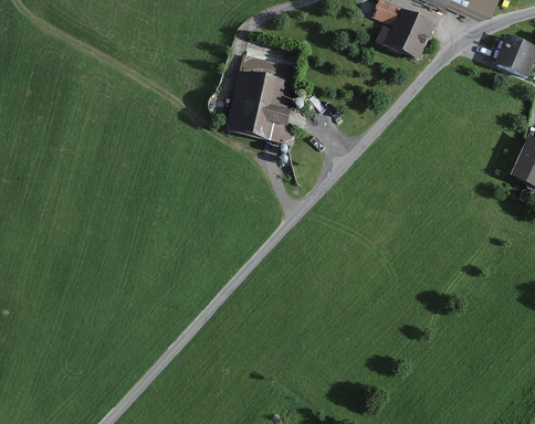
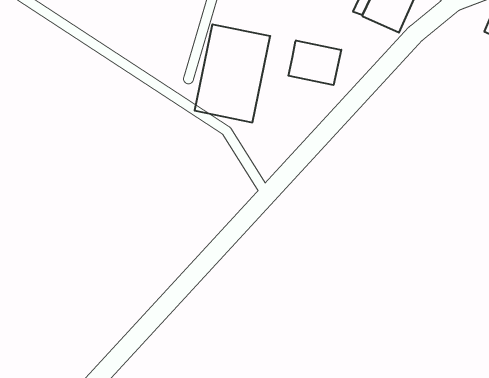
building: none -> [288,40,341,85]

